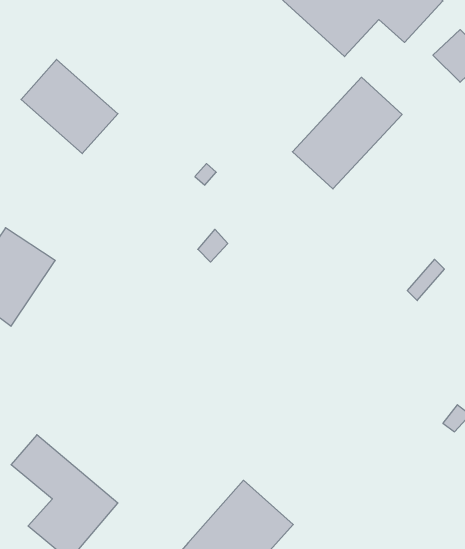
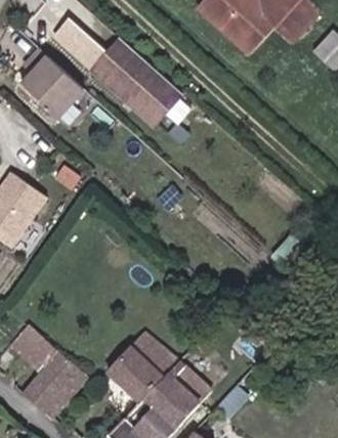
building: none -> [54,19,181,125]
building: [292,77,402,189] -> none
building: none -> [103,329,176,402]

